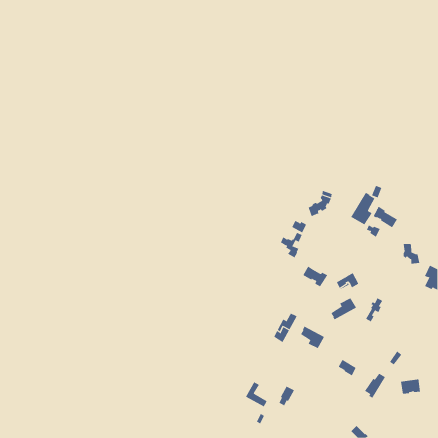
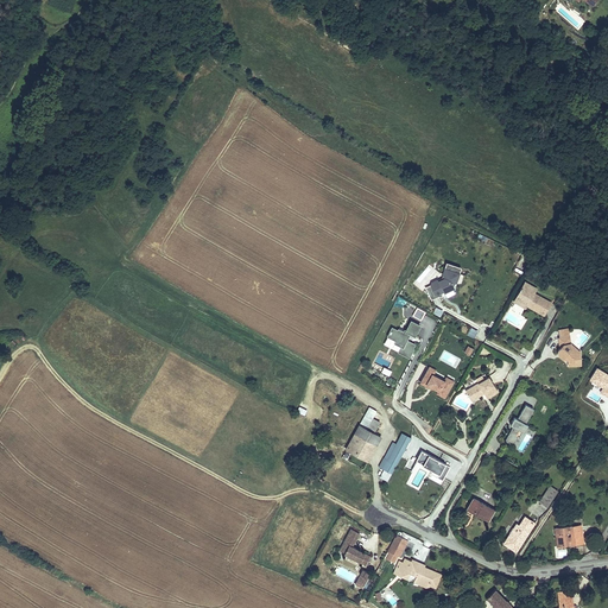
building: [351,192,375,225] -> none
building: [331,297,357,320] -> none
building: none -> [346,425,380,461]
building: none -> [397,559,441,587]

